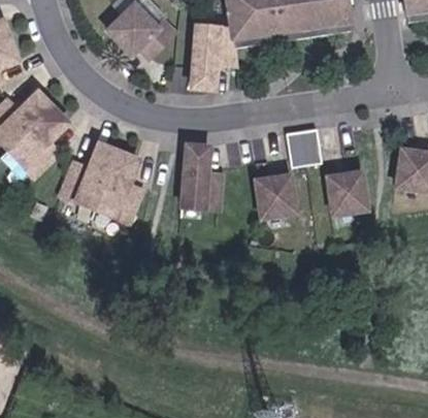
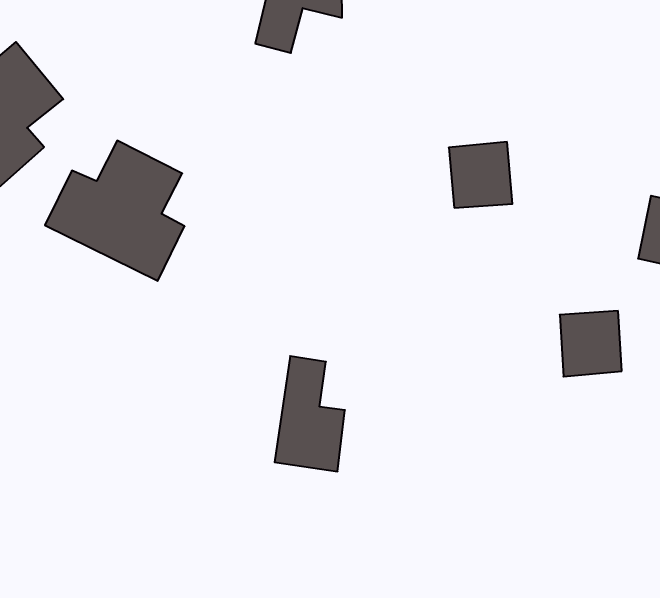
building: [184,144,222,208] -> [275,356,345,471]
building: [331,174,368,214] -> [560,311,622,377]
building: [256,178,294,218] -> none

